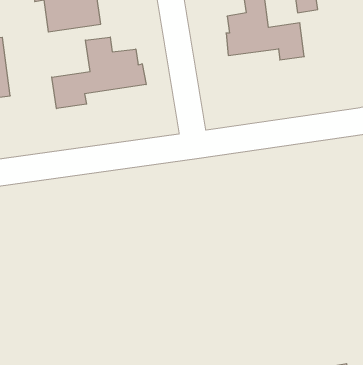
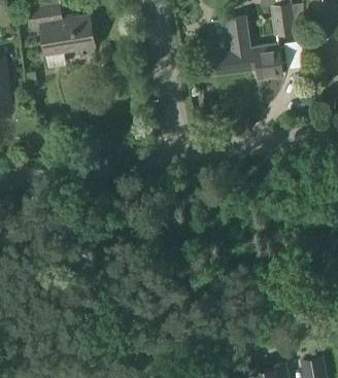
building: [52,37,146,109] -> none

